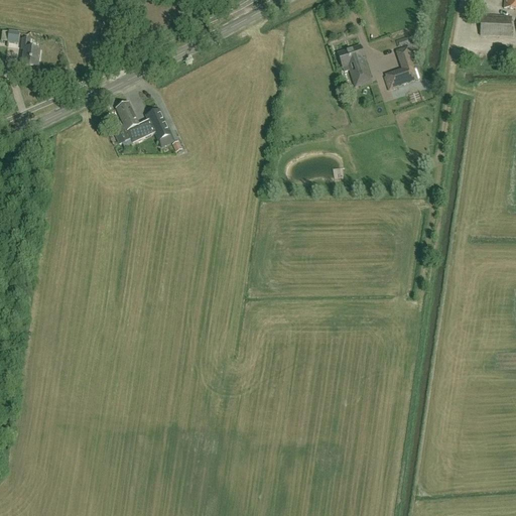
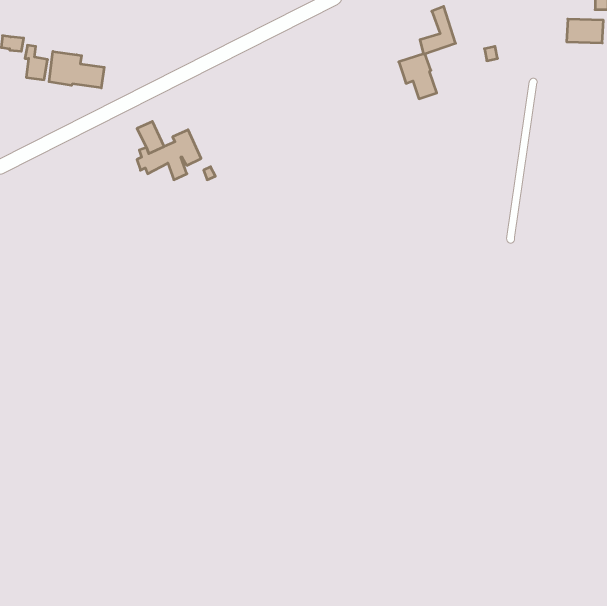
building: none -> [49,51,104,88]
building: [387,45,417,86] -> [420,6,456,54]

